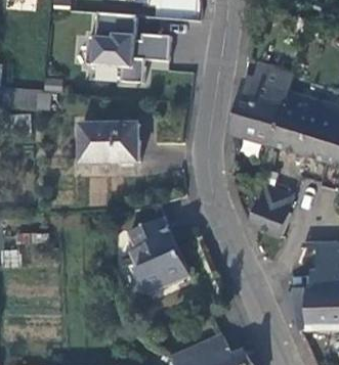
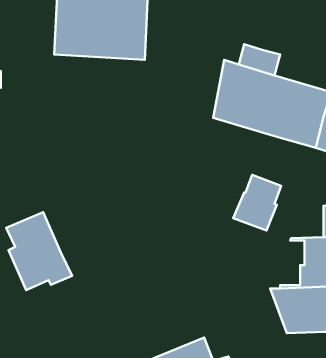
building: [80,124,138,163] -> none
building: [130,218,190,289] -> [6,212,72,290]

